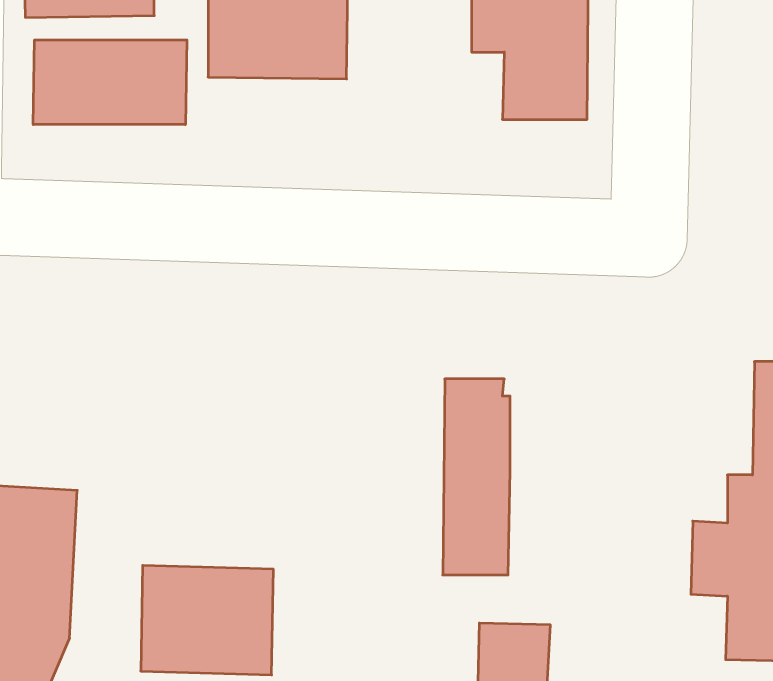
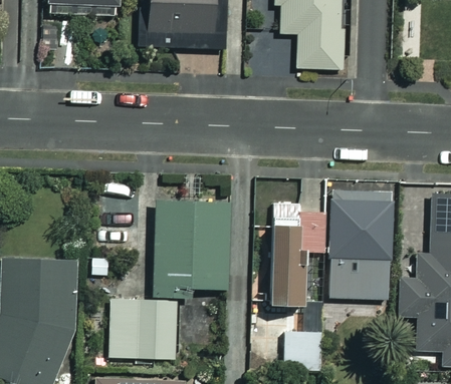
building: [33,40,187,125] -> none
building: none -> [302,200,395,253]
building: none -> [154,202,230,297]
building: none -> [331,260,389,299]

